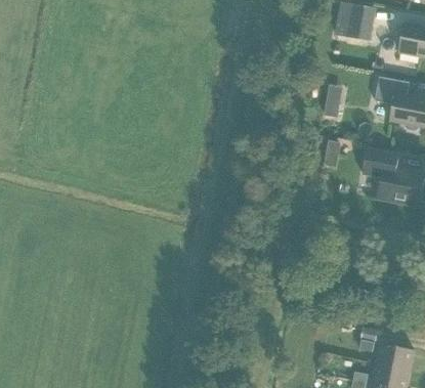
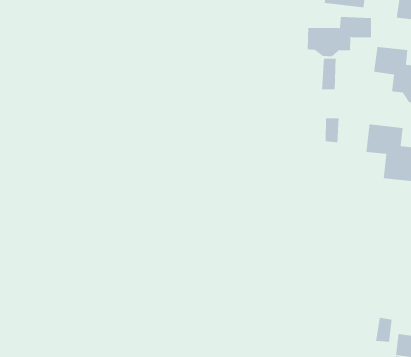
building: none -> [307,16,372,57]

